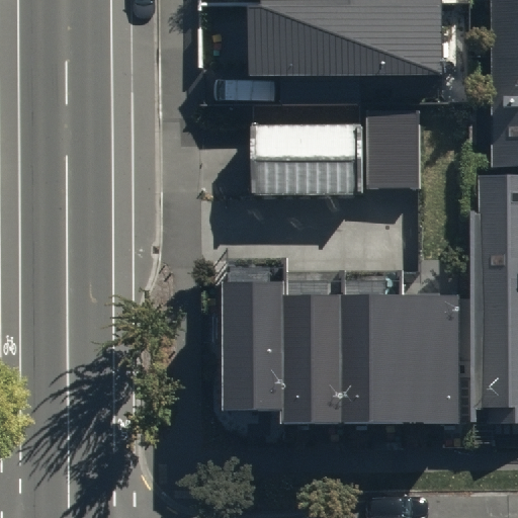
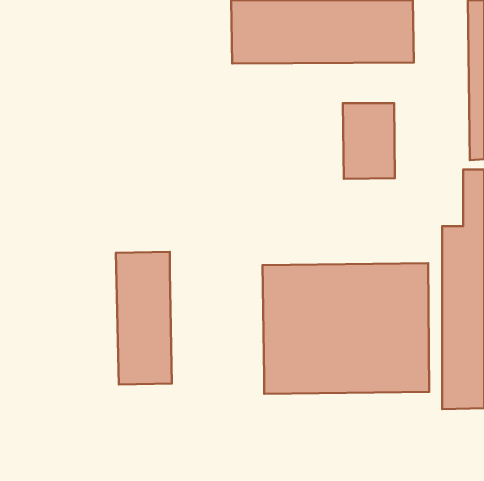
building: [248,113,361,194] -> none
building: [223,265,282,407] -> [116,252,172,384]

